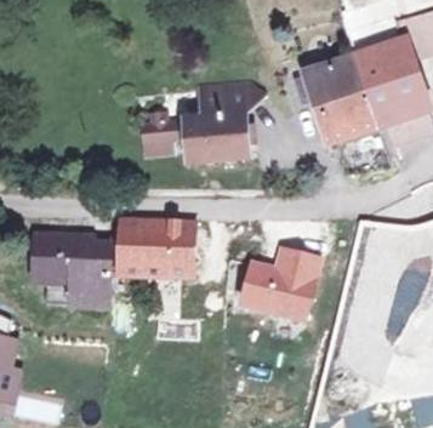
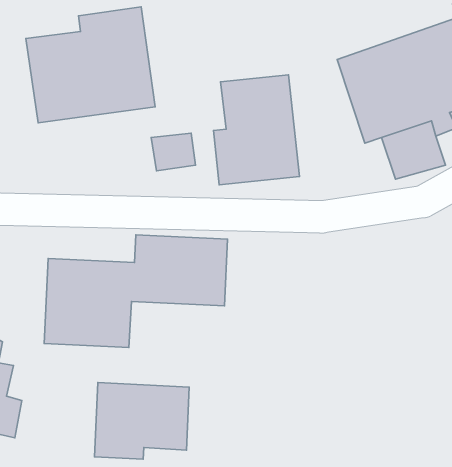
building: none -> [26,7,155,123]
building: [239,239,319,312] -> none
building: none -> [94,383,189,459]

